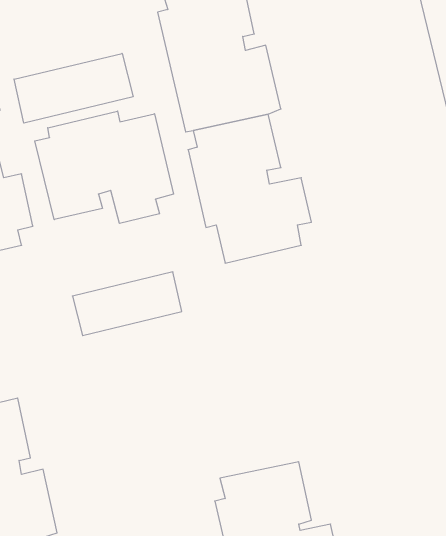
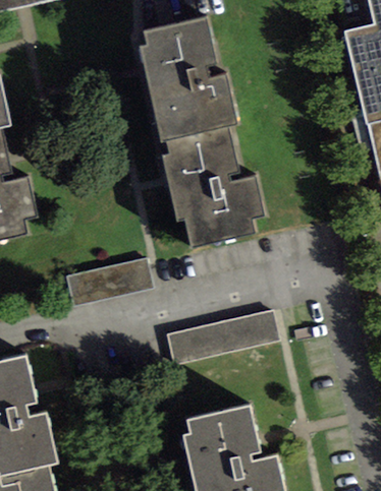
building: [14,53,133,123] -> none
building: [35,111,173,223] -> none
building: none -> [169,310,280,365]

